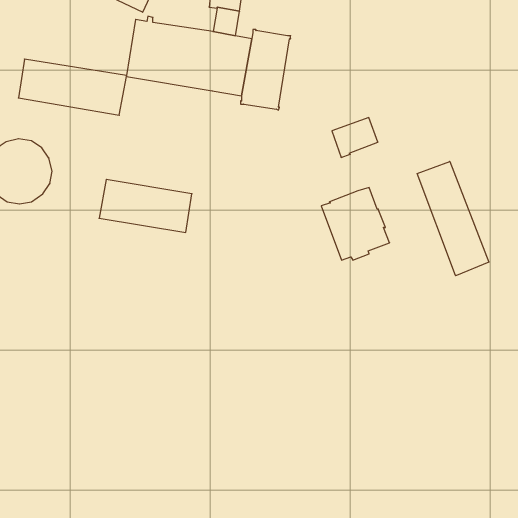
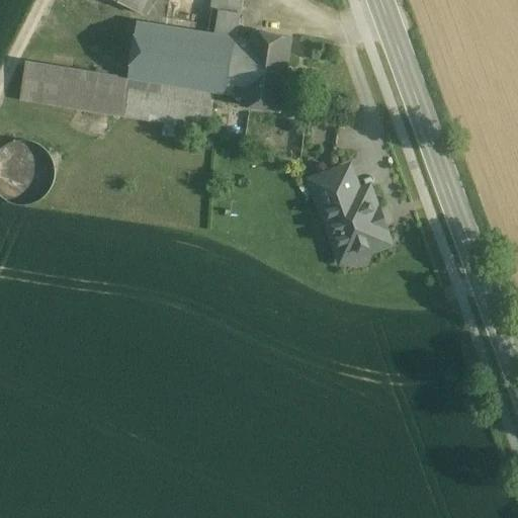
building: [332,118,378,157] -> [310,165,355,204]
building: [417,161,489,276] -> none
building: [99,179,192,232] -> [118,76,210,128]

